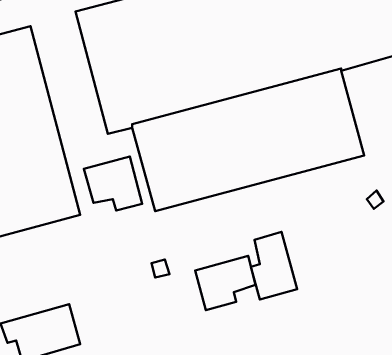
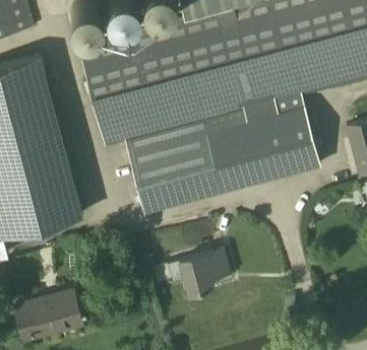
building: [84,157,142,210] -> none
building: [251,232,297,300] -> none

